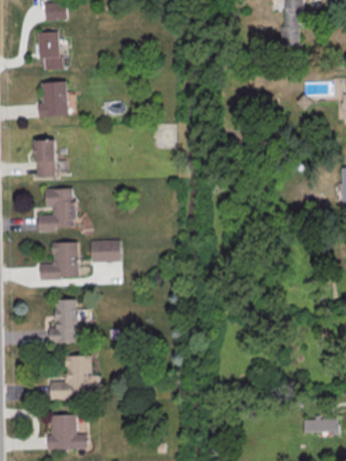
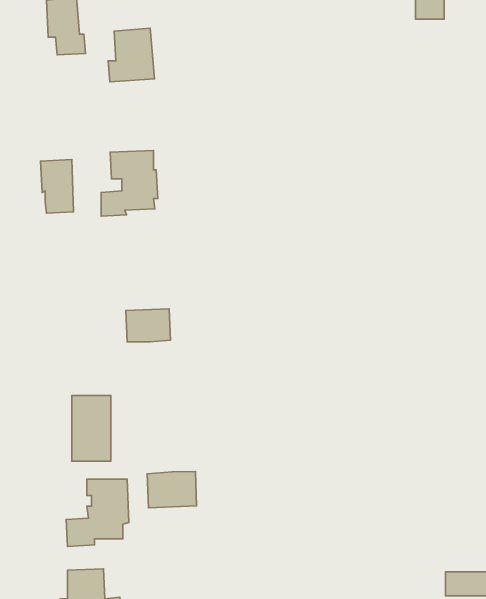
building: [37,81,68,117] -> [108,28,155,82]
building: [38,187,76,232] -> [101,151,158,216]
building: [39,242,79,281] -> none
building: none -> [147,472,197,508]

